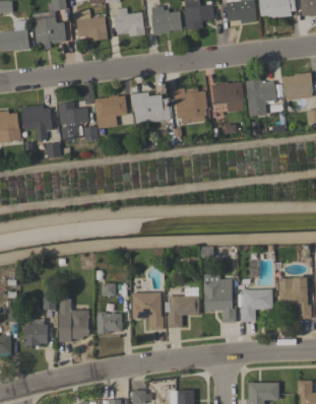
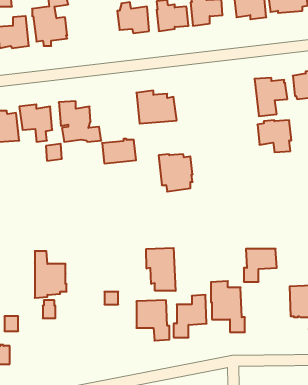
building: [76,9,108,41] -> none
building: [211,81,244,112] -> [257,120,291,152]
building: [174,88,206,124] -> [159,154,193,192]
building: [94,94,127,118] -> [102,139,136,163]
building: none -> [146,248,176,291]
building: [241,289,272,321] -> [244,249,277,282]
building: [59,297,89,342] -> [35,251,67,298]
building: [98,302,122,333] -> none
building: [23,319,47,345] -> none

